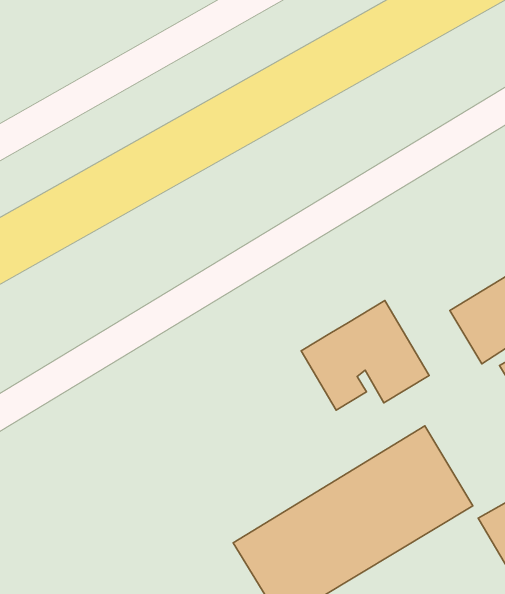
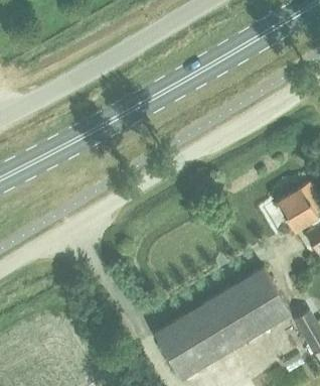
building: [301,301,429,410] -> none

